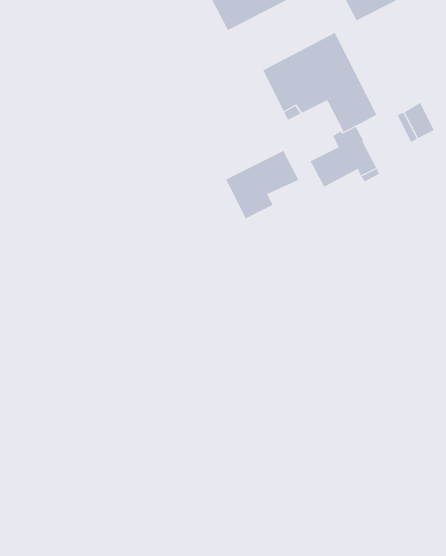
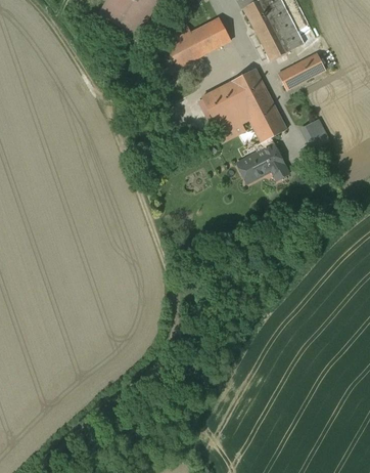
building: none -> [278,52,326,88]
building: [226,150,299,219] -> none

